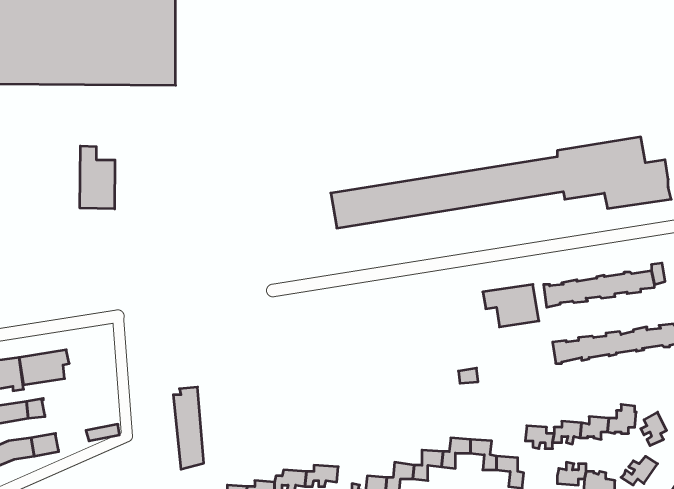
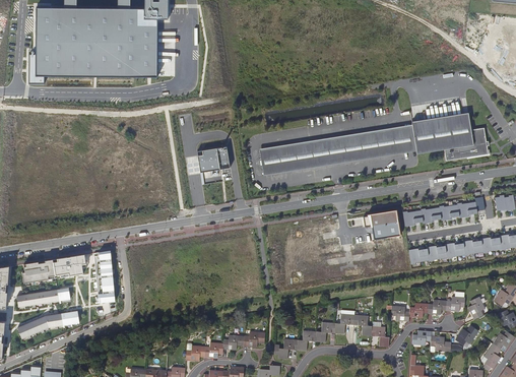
building: [80,146,115,209] -> none
building: none -> [197,145,230,173]
building: [173,387,204,469] -> [94,250,115,305]

